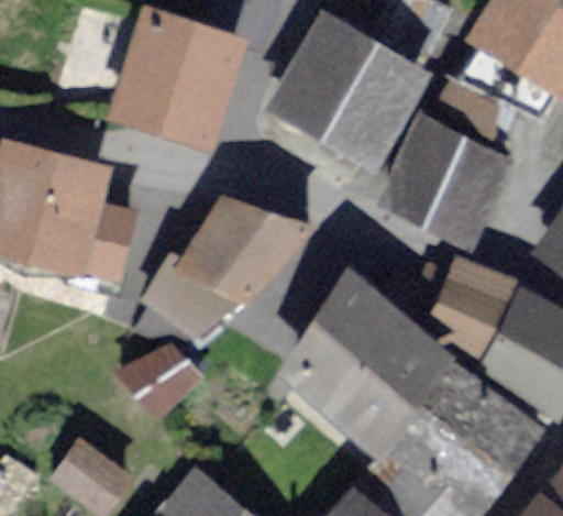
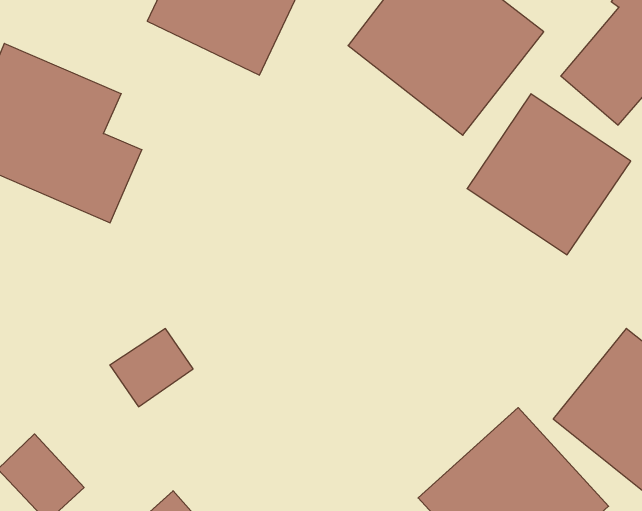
building: [150,207,294,328] -> none
building: [429,253,514,353] -> none
building: [279,273,457,448] -> none

